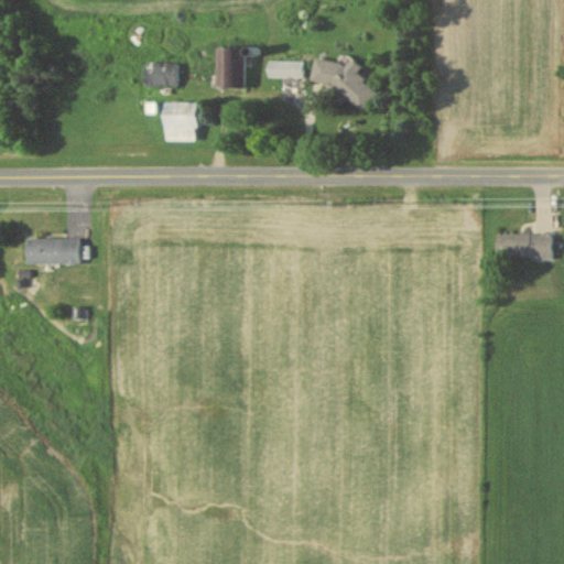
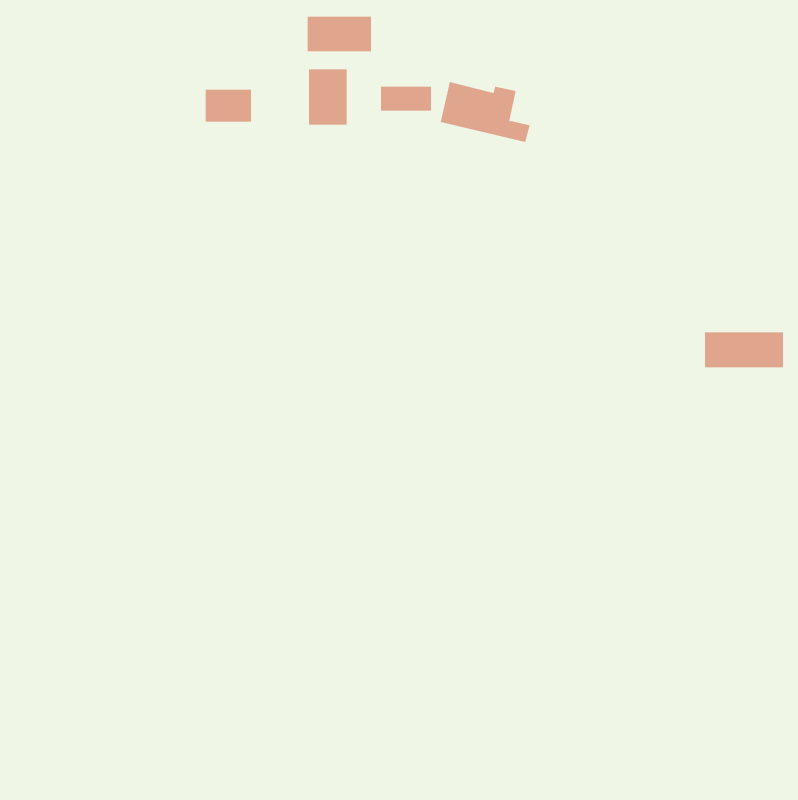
building: none -> [307,16,372,52]
building: [164,102,197,141] -> none
building: [24,238,79,263] -> none

